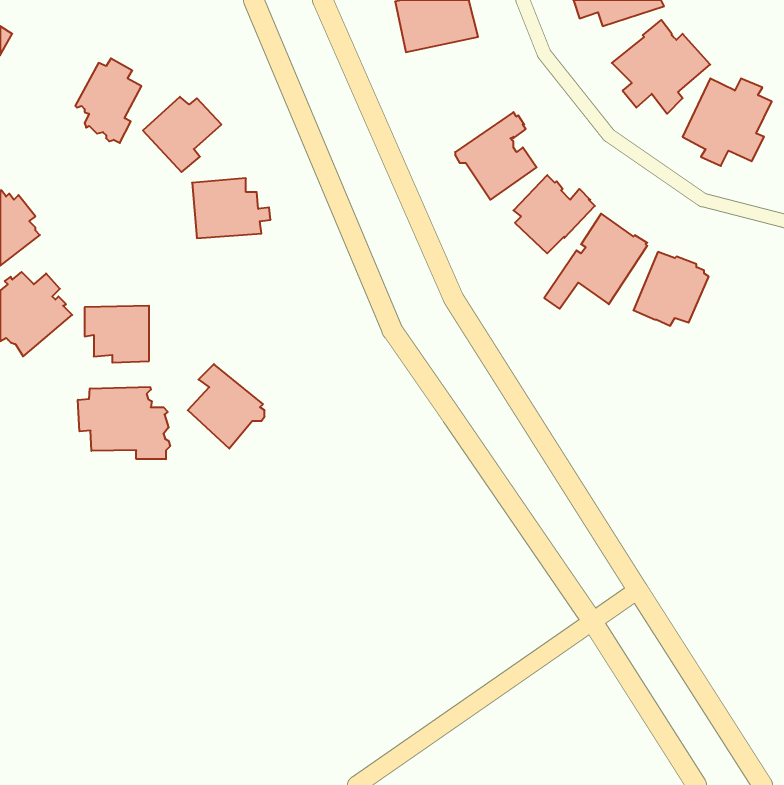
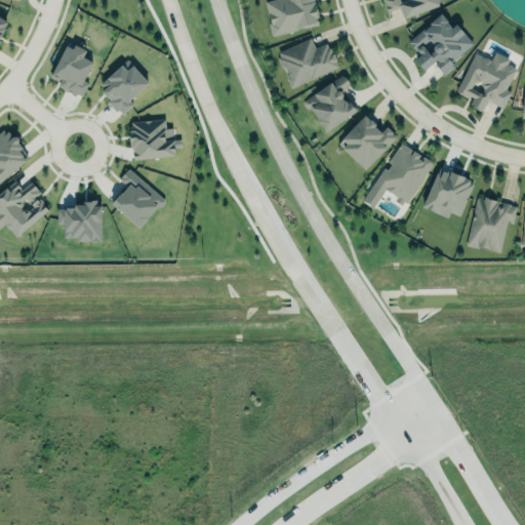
building: none -> [277,38,338,87]
building: none -> [465,192,517,250]
building: [188,364,265,449] -> [112,167,163,224]
building: [78,387,170,459] -> none

